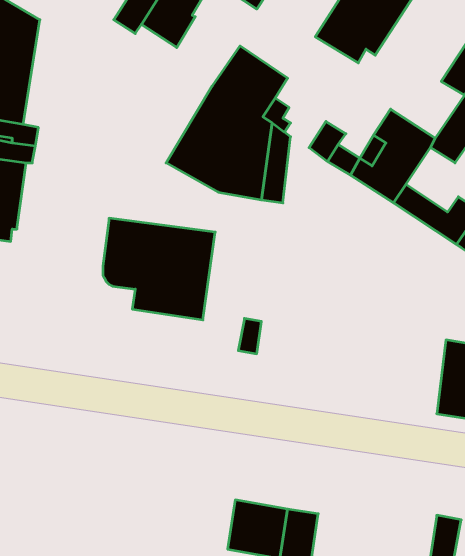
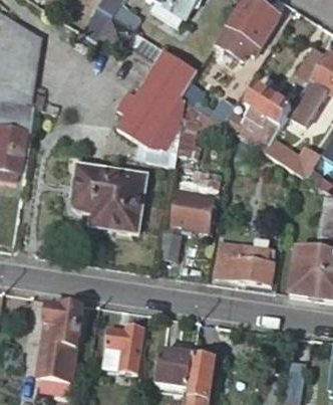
building: none -> [174,177,221,228]
building: none -> [221,237,277,280]
building: none -> [38,302,84,379]
building: none -> [103,323,144,372]

